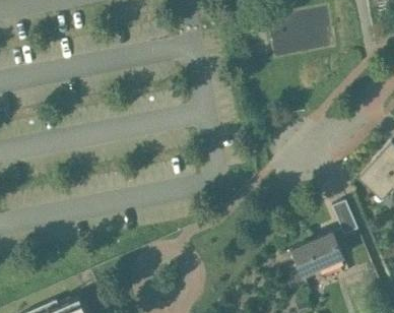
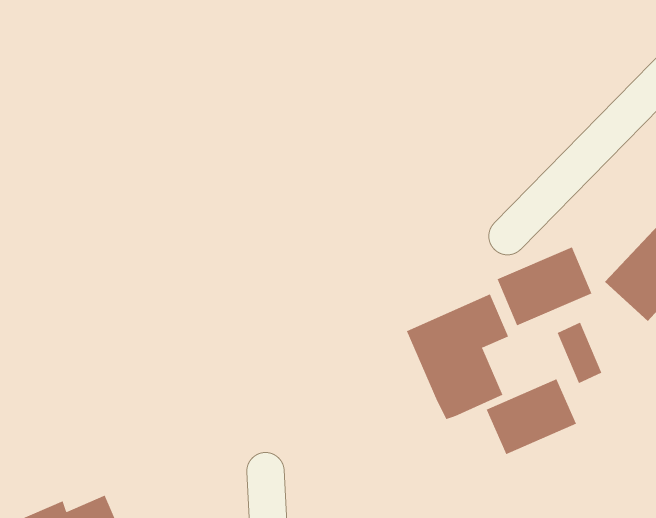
building: none -> [497,246,592,326]
building: none -> [406,293,509,420]

